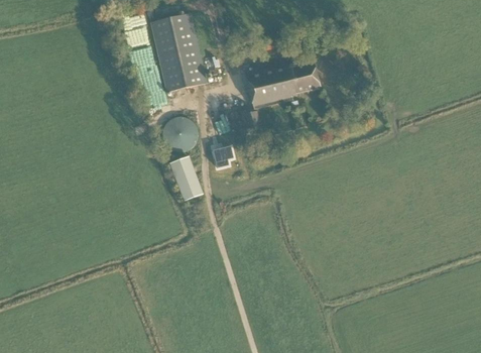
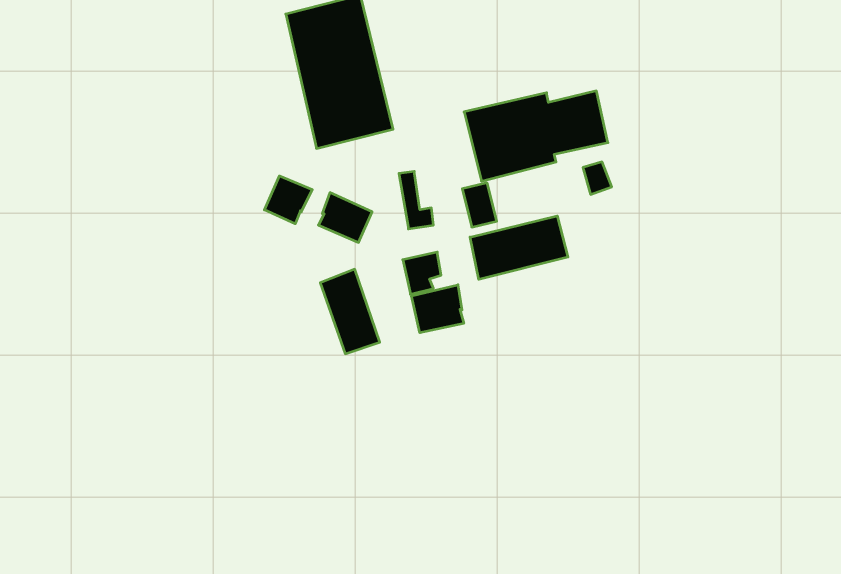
building: none -> [264,176,312,224]
building: none -> [470,216,568,279]
building: none -> [412,285,464,333]

